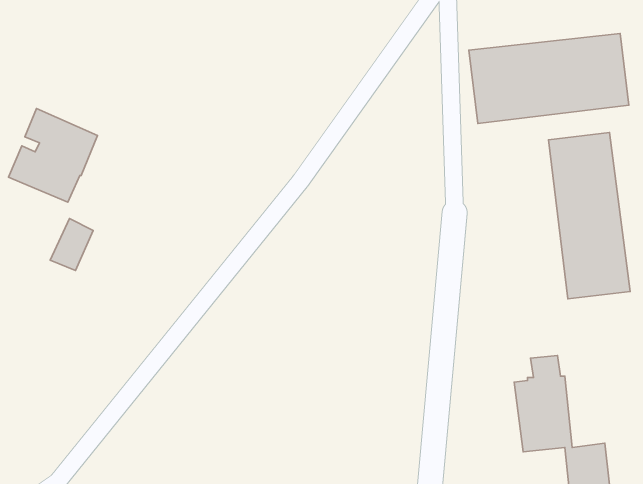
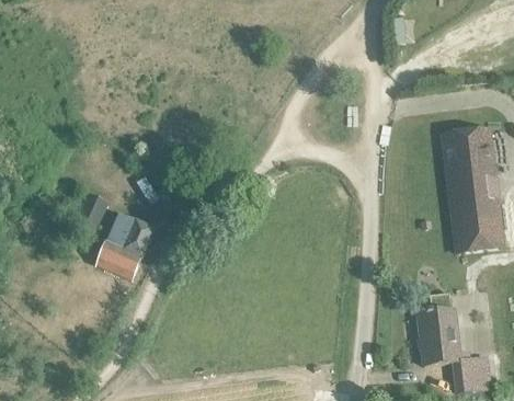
building: [469,33,629,124] -> none
building: [8,109,98,202] -> [89,209,155,278]

